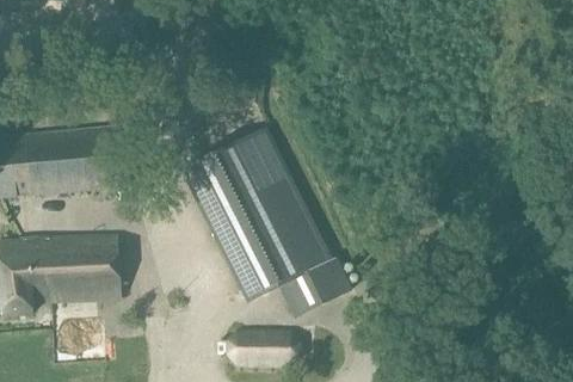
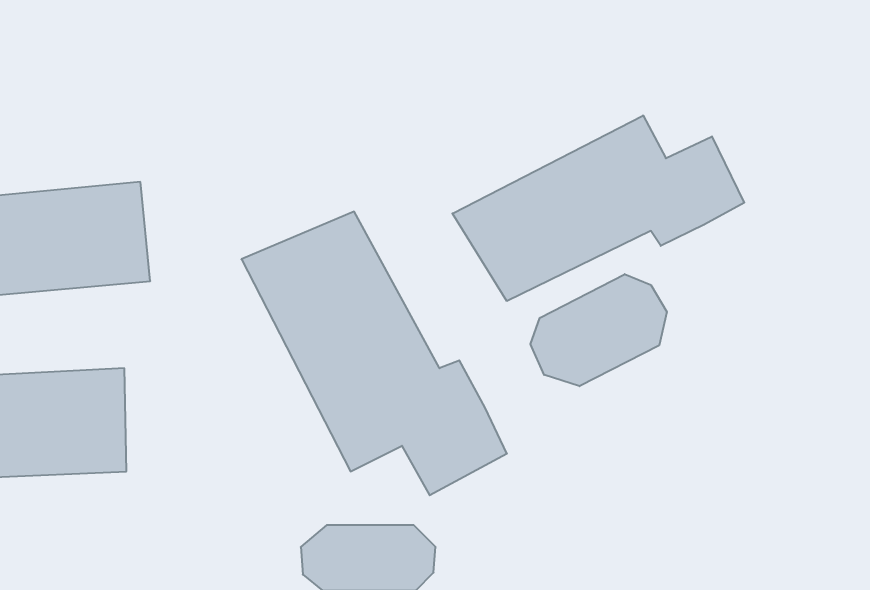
building: none -> [452,115,744,301]
building: none -> [531,274,667,386]

